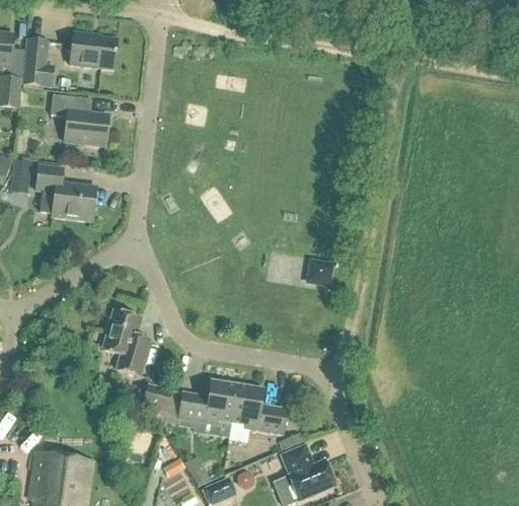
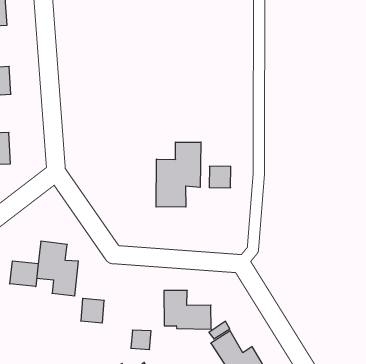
building: none -> [156,142,201,207]
building: none -> [10,261,38,287]
building: [177,381,237,426] -> none

